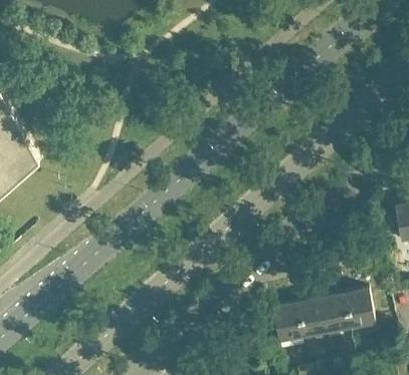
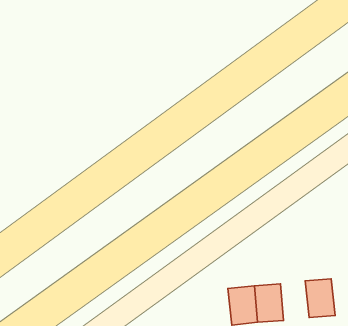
building: [323,293,353,332] -> none

